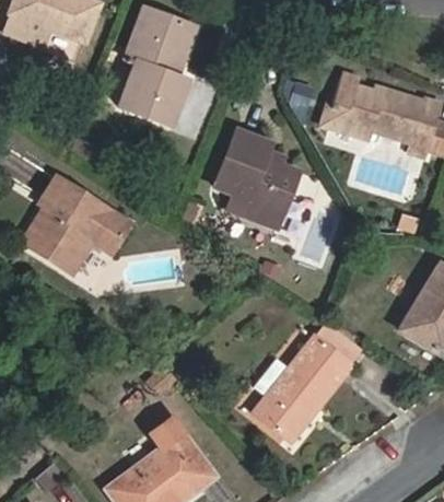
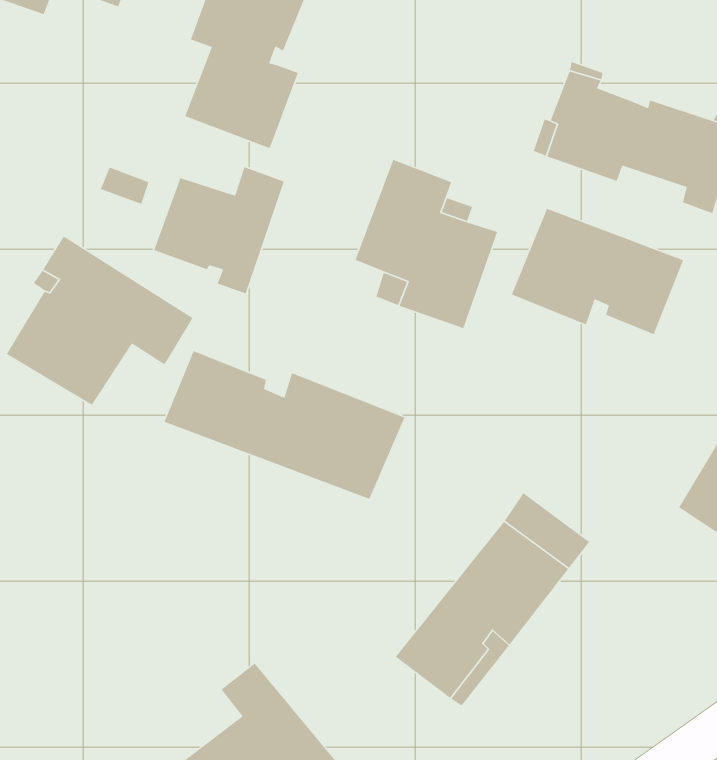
building: none -> [153,166,285,295]
building: none -> [511,208,684,335]
building: none -> [164,350,406,500]

